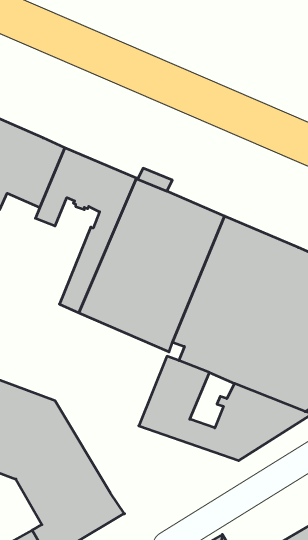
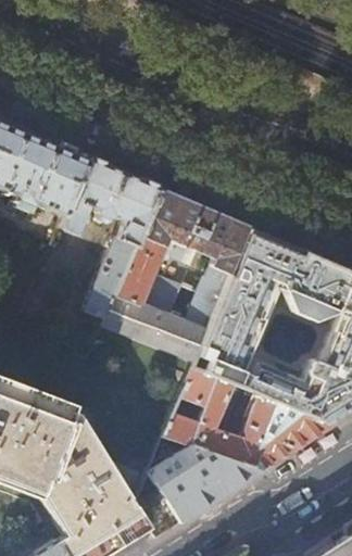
building: none -> [134,437,262,538]

